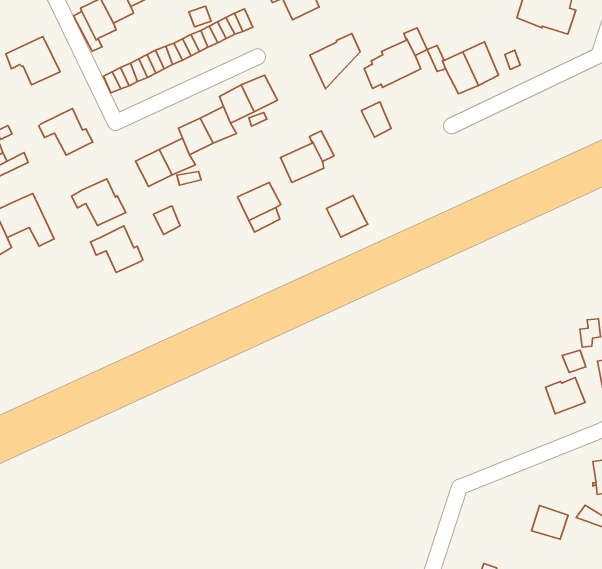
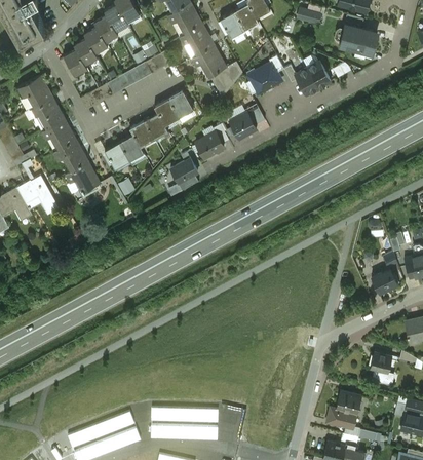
building: none -> [192,47,227,77]
building: none -> [32,98,65,131]
building: [327,196,368,237] -> [230,112,257,139]
building: [90,226,143,273] -> [54,142,88,171]

